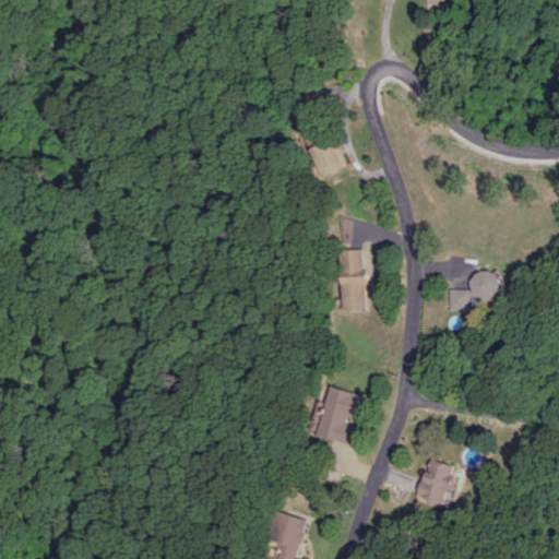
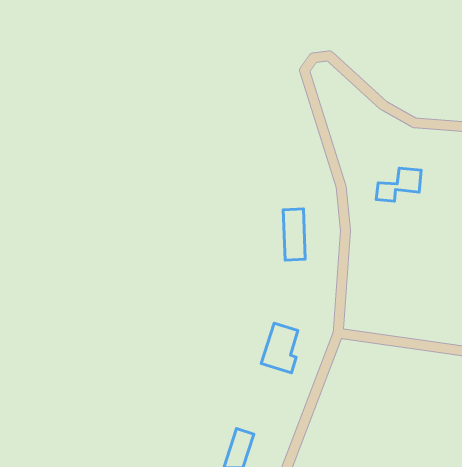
building: [447,273,500,312] -> [376,168,421,201]
building: [419,459,459,507] -> none

